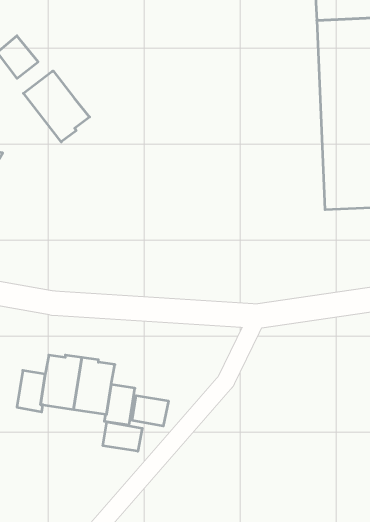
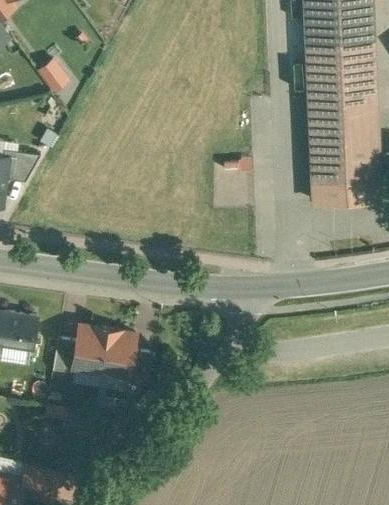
building: [23,71,90,142] -> none
building: [132,396,168,426] -> none
building: [103,422,142,451] -> none

